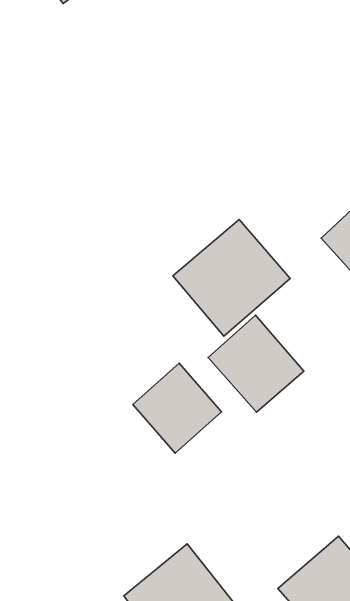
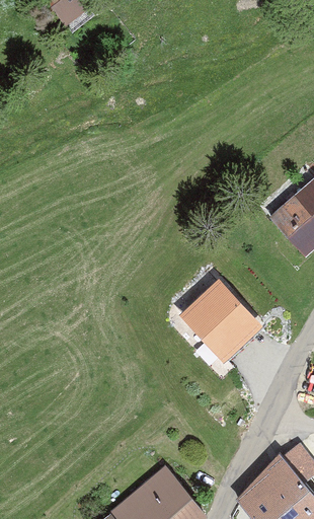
building: [173,219,290,336] -> none
building: [133,363,221,453] -> none

